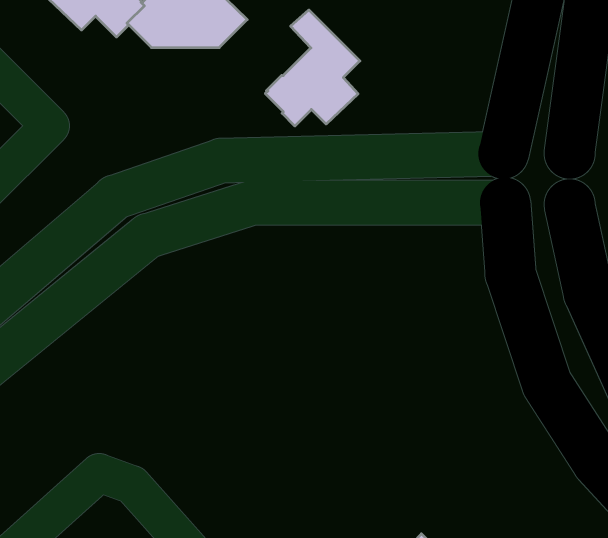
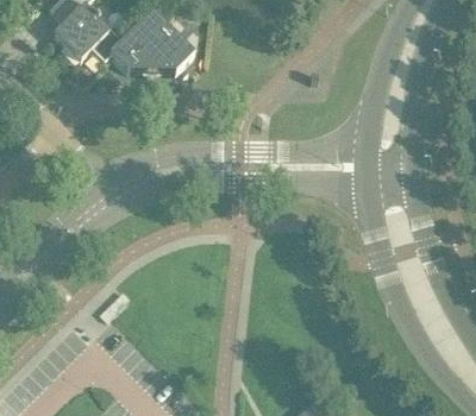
building: [265,10,360,126] -> none

